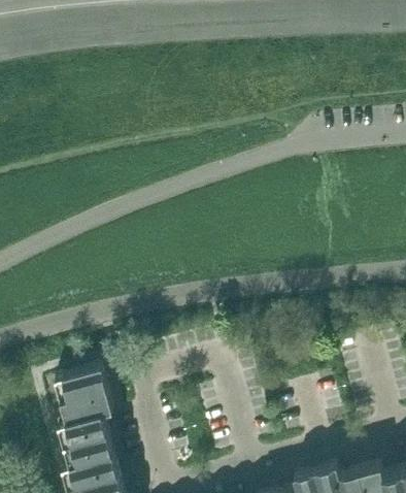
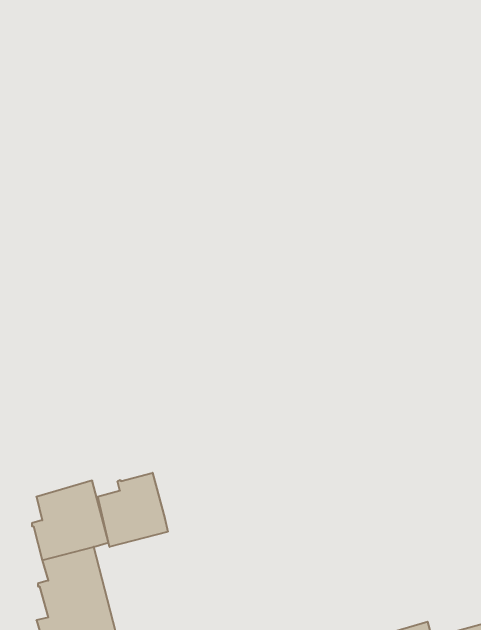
building: none -> [98,473,168,547]

